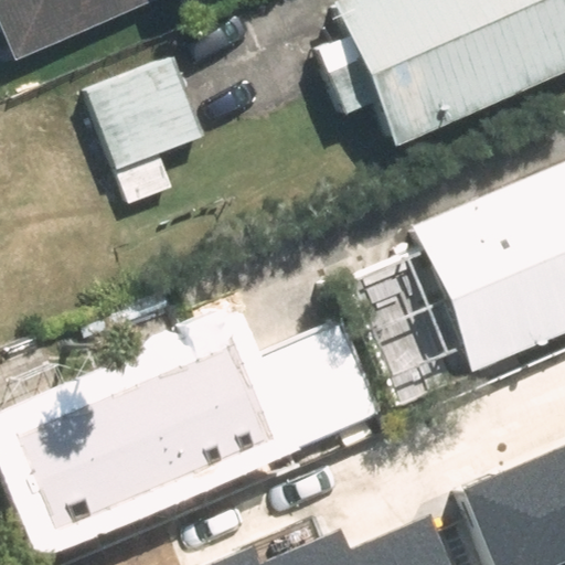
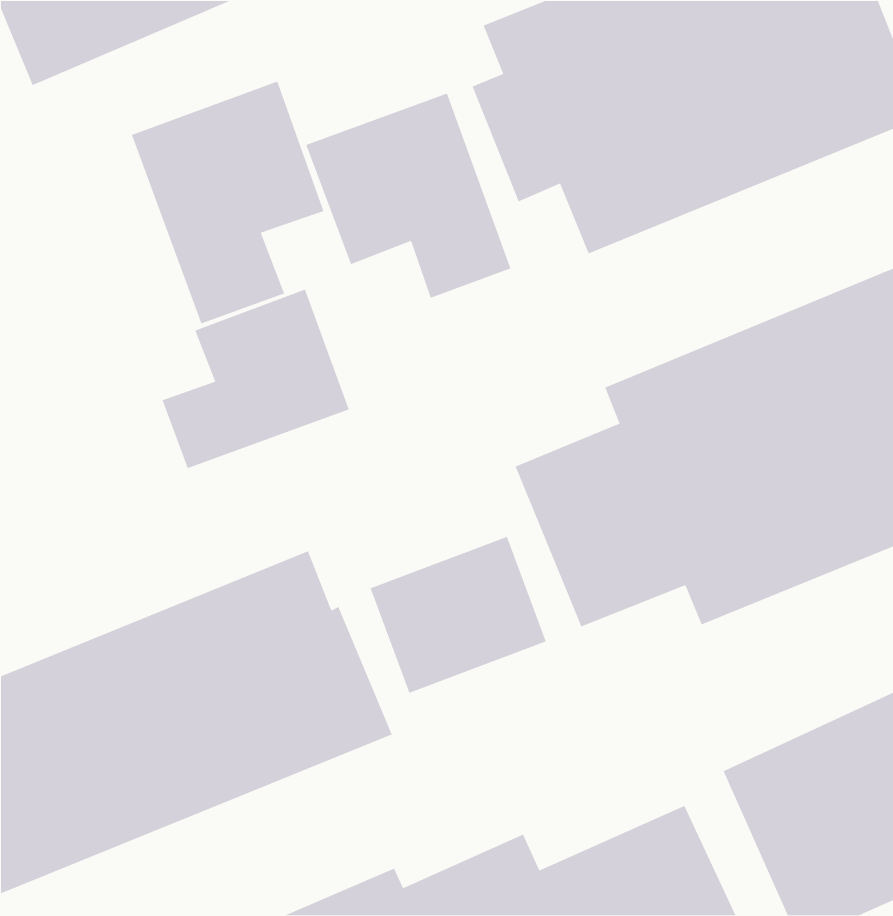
building: none -> [305,92,512,299]
building: none -> [161,289,350,469]

